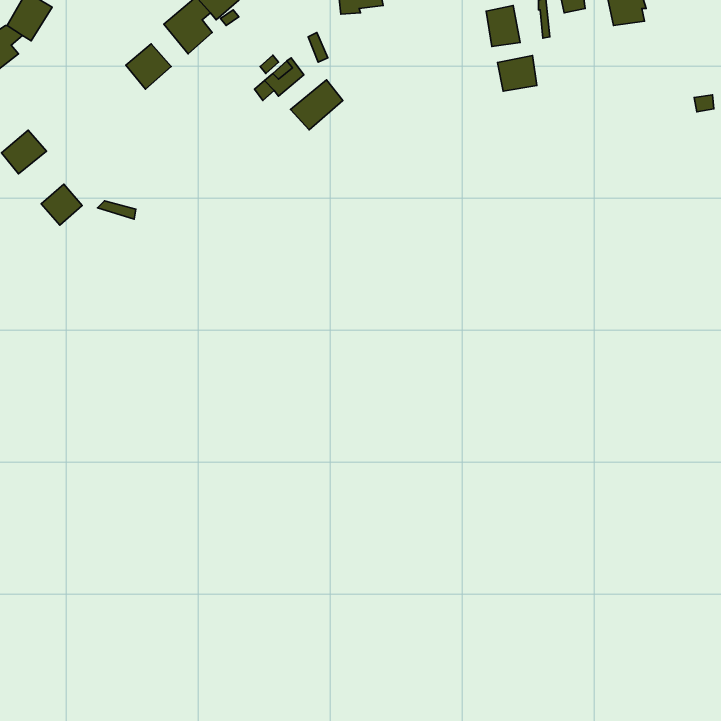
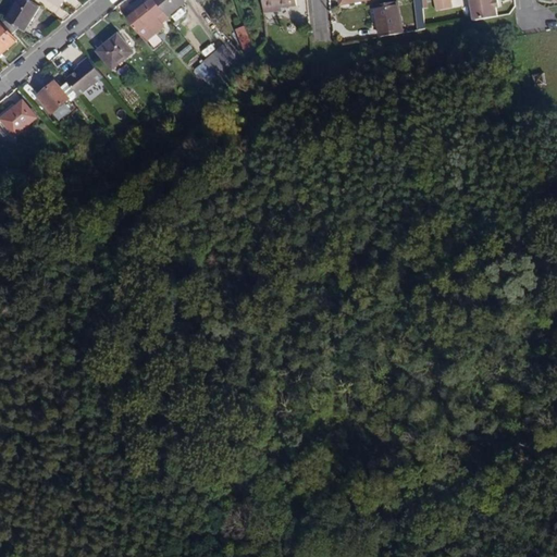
building: [498,56,537,91] -> none
building: none -> [64,55,102,95]
building: [290,80,343,130] -> none
building: [41,184,82,225] -> [37,81,69,112]

